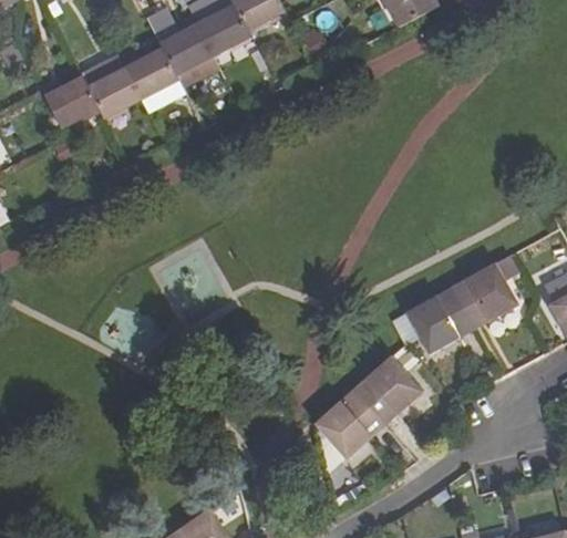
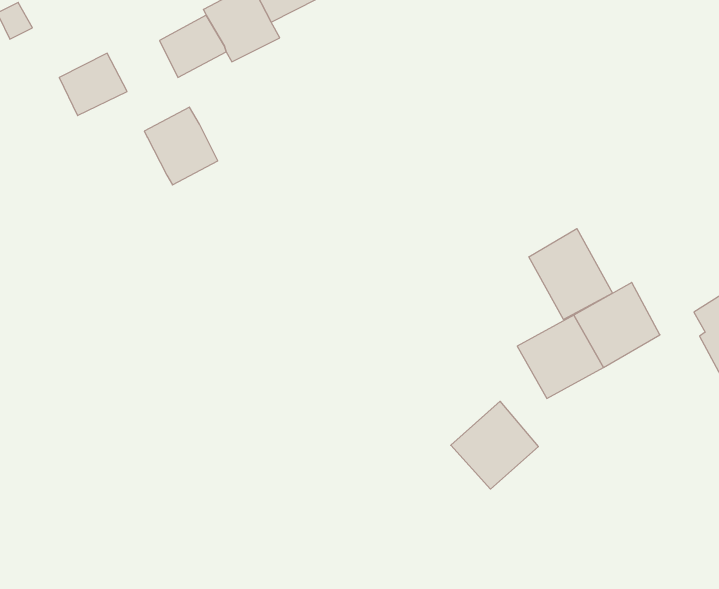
building: [82,59,140,120] -> [144,107,218,185]
building: none -> [529,229,612,319]
building: [315,389,384,458] -> none

